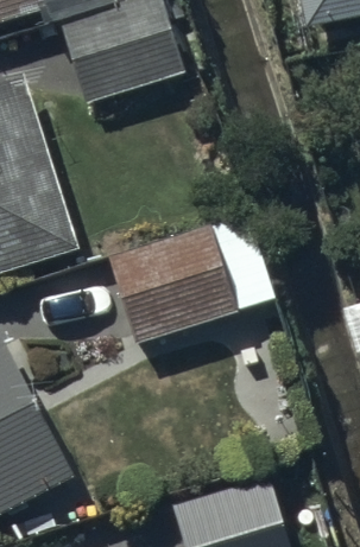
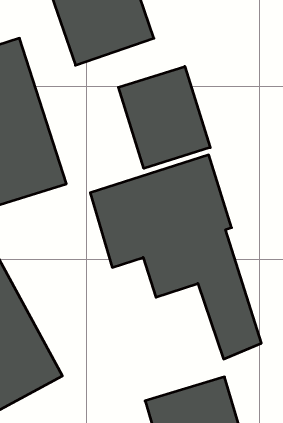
building: none -> [118,66,210,168]

